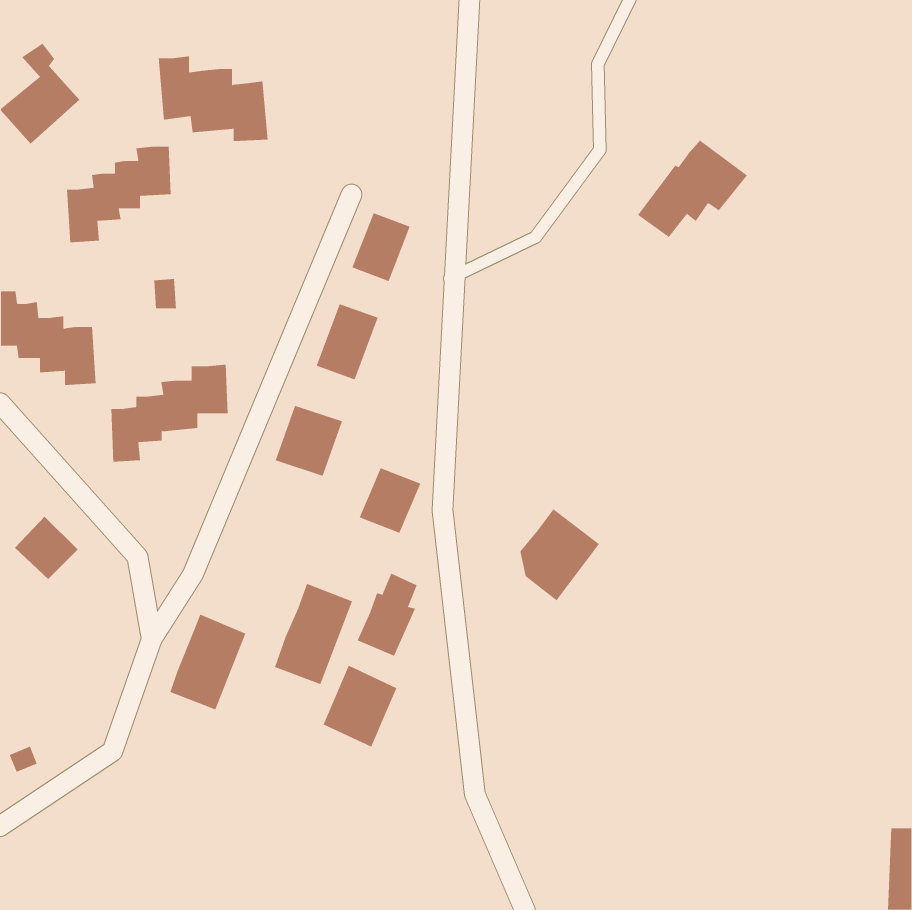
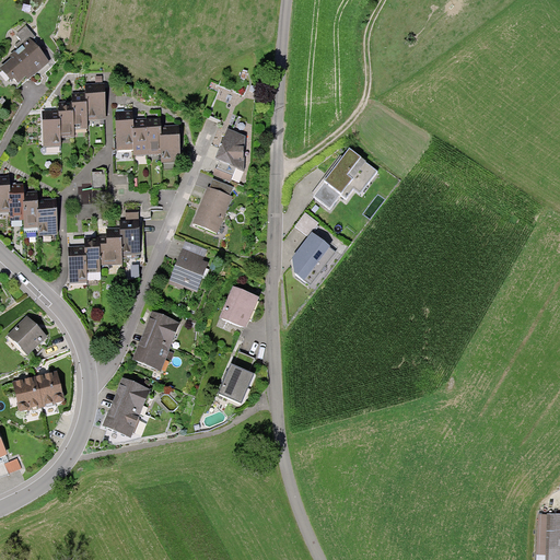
building: [158,56,268,142] -> [115,110,183,163]
building: [637,140,748,238] -> [311,150,378,210]
building: [519,508,600,601] -> [292,232,341,289]
building: [274,583,353,685] -> [133,310,182,372]
building: none -> [12,372,65,411]
building: [323,665,397,747] -> none

